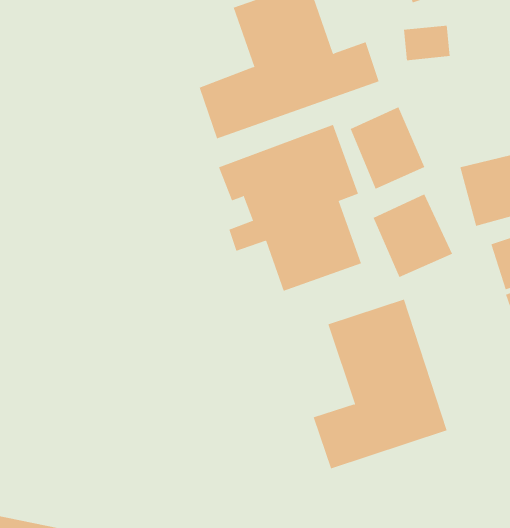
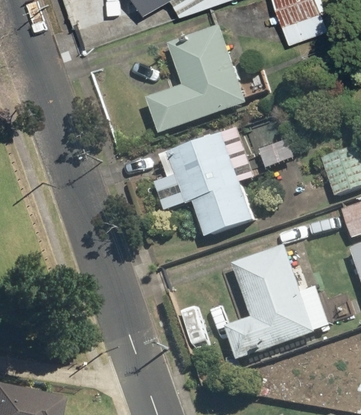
building: [373,194,453,278] -> none

